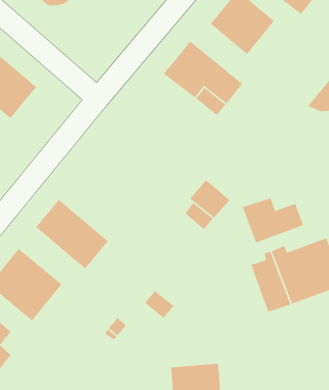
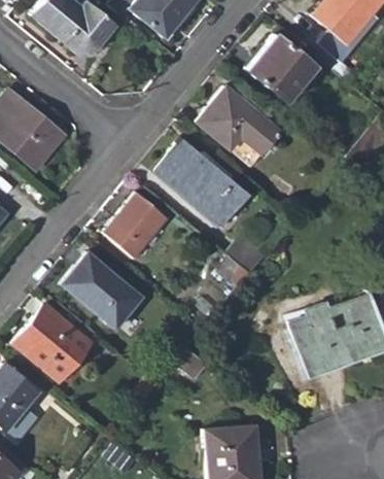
building: none -> [156,140,248,223]
building: none -> [105,195,168,258]
building: [242,197,304,244] -> none

